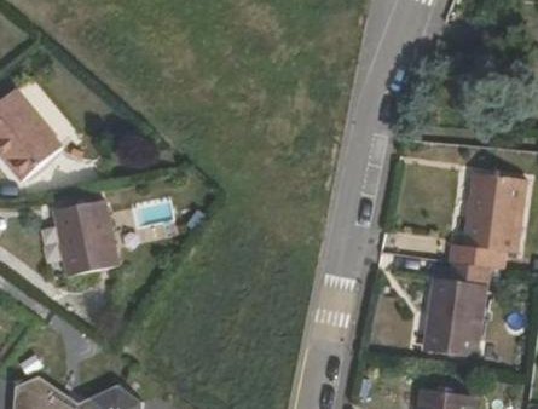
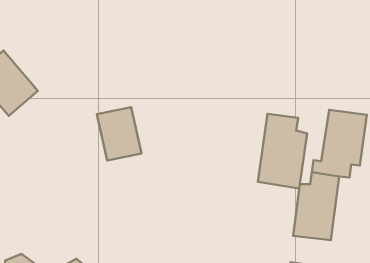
building: none -> [258,114,307,189]
building: [53,201,116,276] -> [97,107,141,160]

